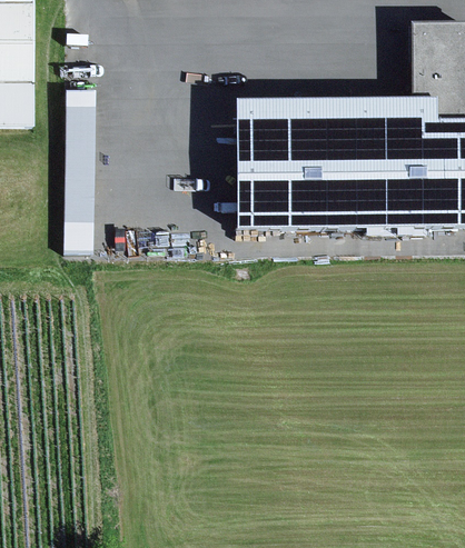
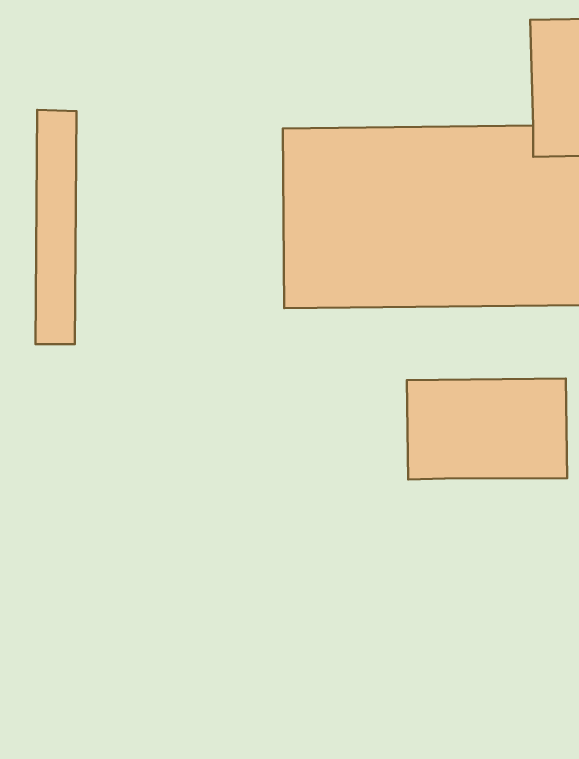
building: none -> [407,379,567,480]

